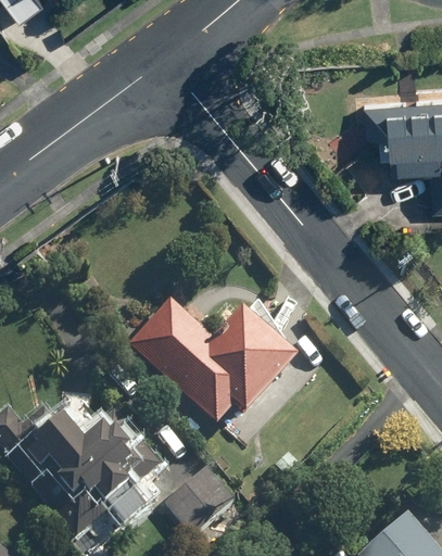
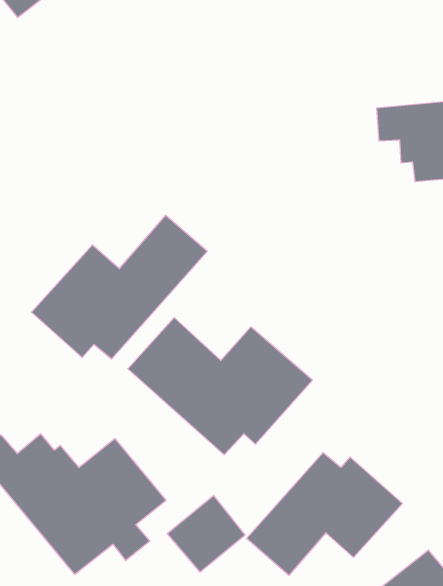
building: none -> [31,215,207,359]
building: none -> [246,452,402,576]

